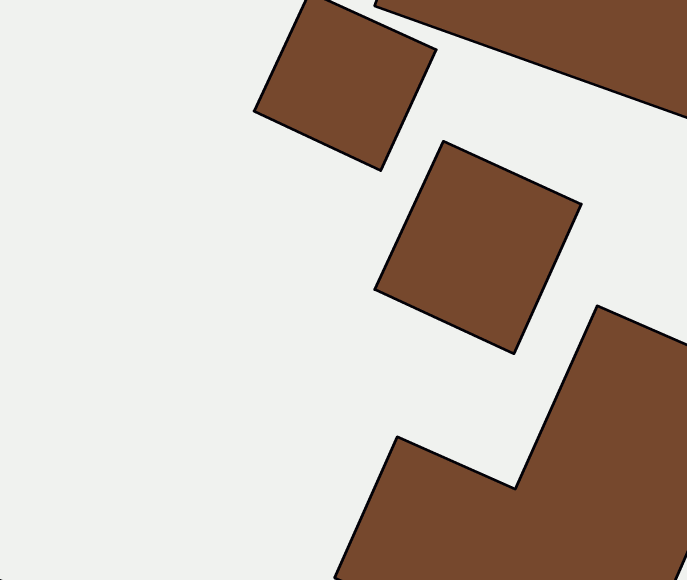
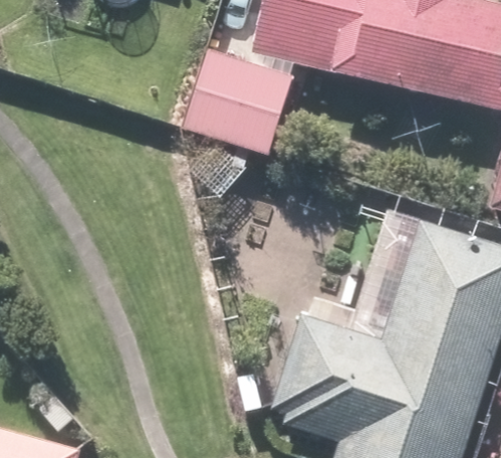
building: [375,141,581,354] -> none

